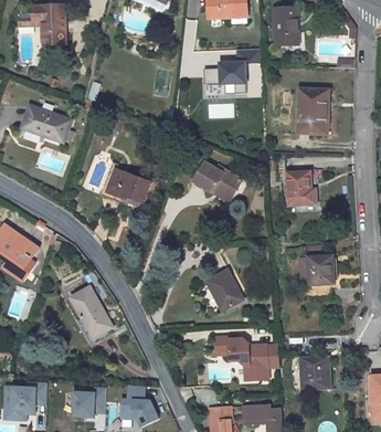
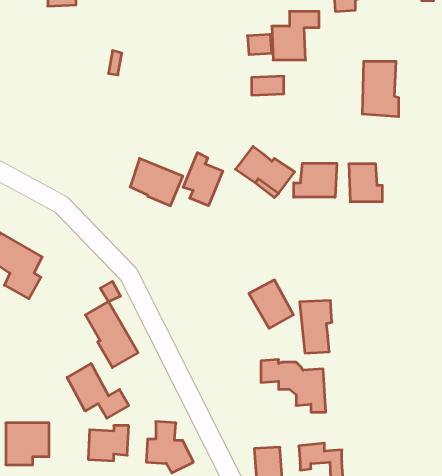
building: [20,104,71,140] -> none
building: none -> [183,153,223,206]
building: none -> [294,163,337,197]
building: [306,252,332,295] -> [300,301,332,353]
building: none -> [67,363,129,418]
building: [301,354,330,387] -> none

